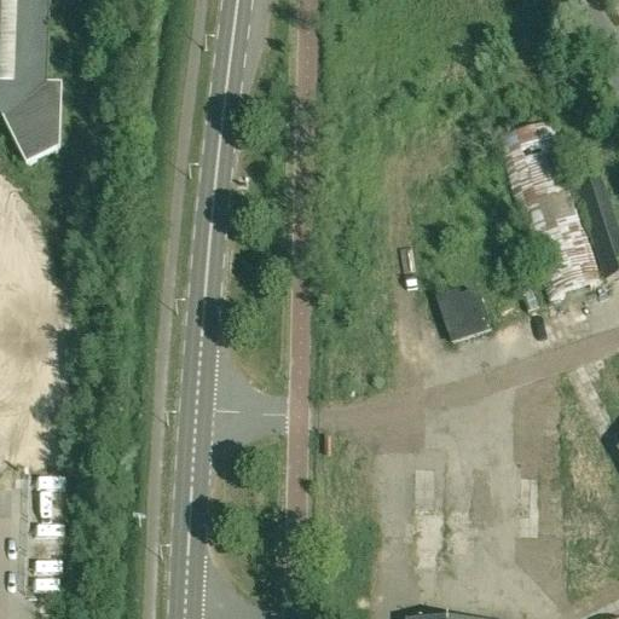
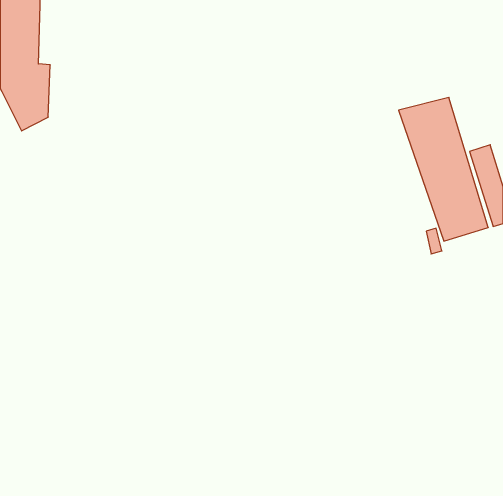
building: [438,282,491,339] -> none

